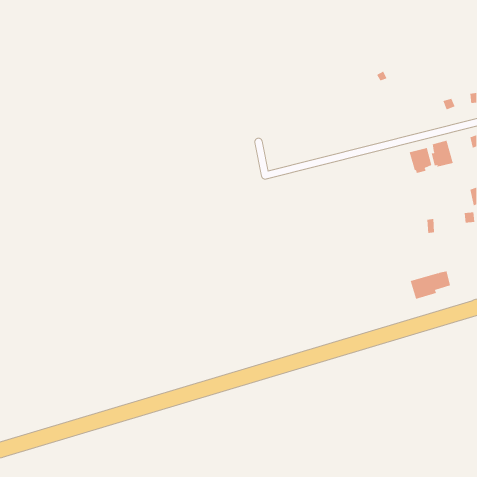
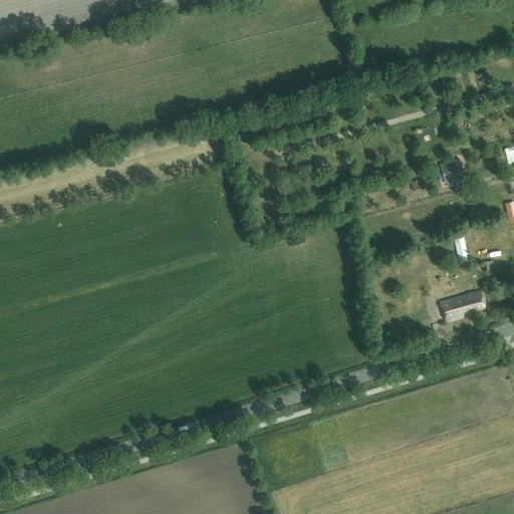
building: [431,140,453,167] -> none

